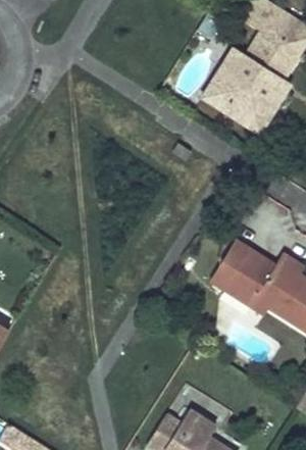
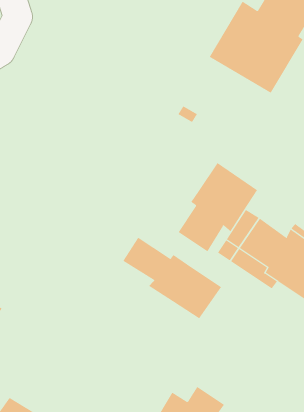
building: none -> [178,162,258,252]
building: none -> [123,237,222,319]

